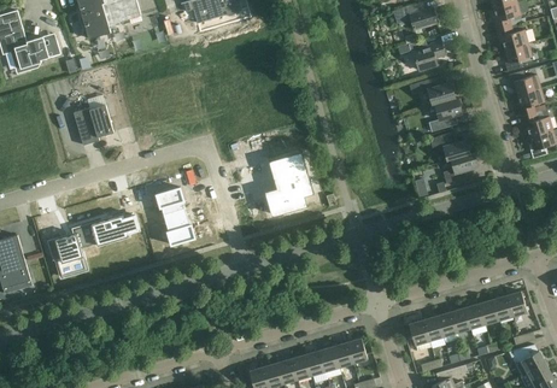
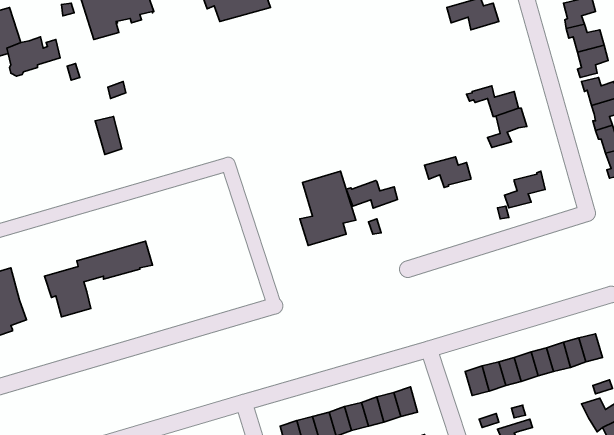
building: [409,39,445,70] -> none
building: [74,107,99,145] -> none
building: [430,135,470,161] -> [425,157,471,188]
building: none -> [346,180,398,208]
building: [157,187,195,245] -> none

